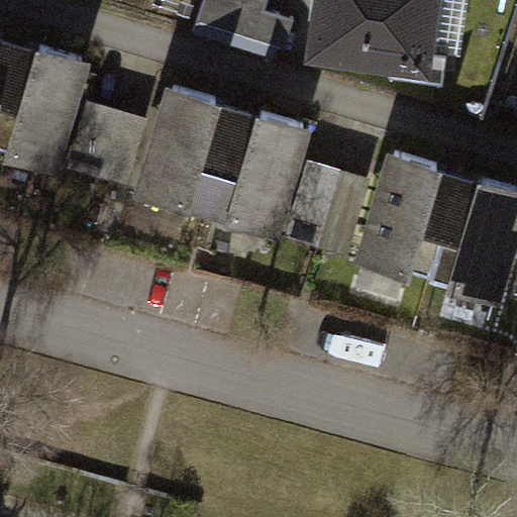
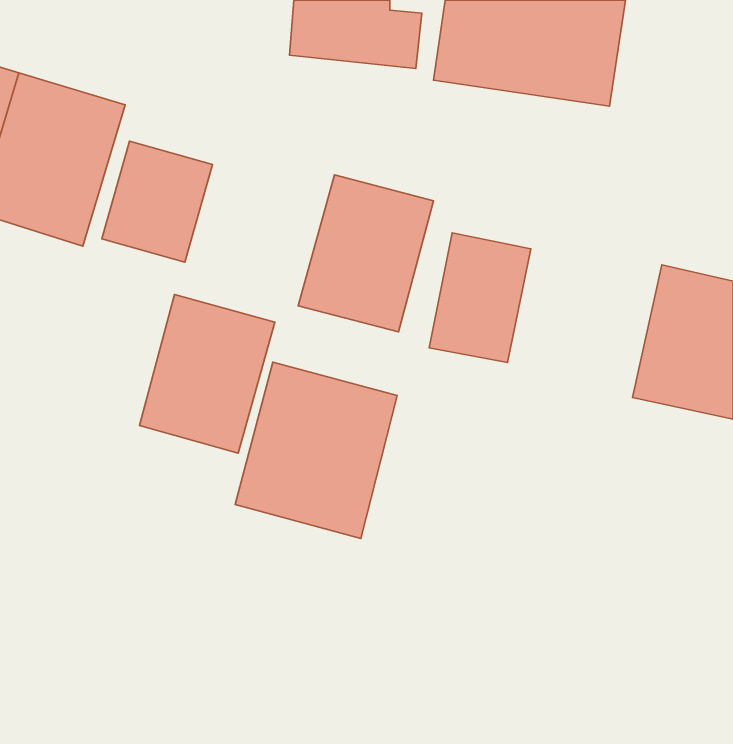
building: [138,102,232,212] -> [139,295,275,453]
building: [367,168,459,276] -> none
building: none -> [235,362,397,539]

